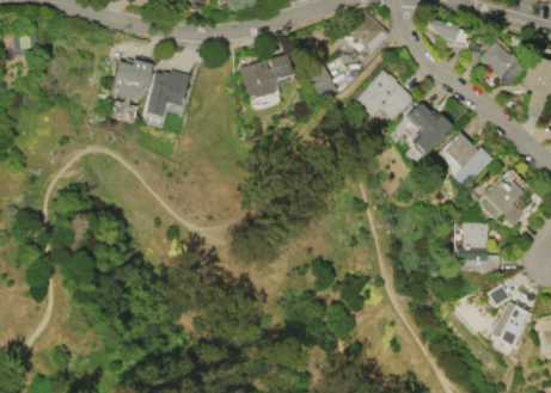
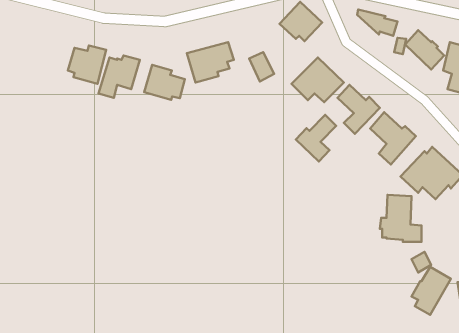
building: none -> [144,65,185,100]
building: none -> [296,115,336,162]

